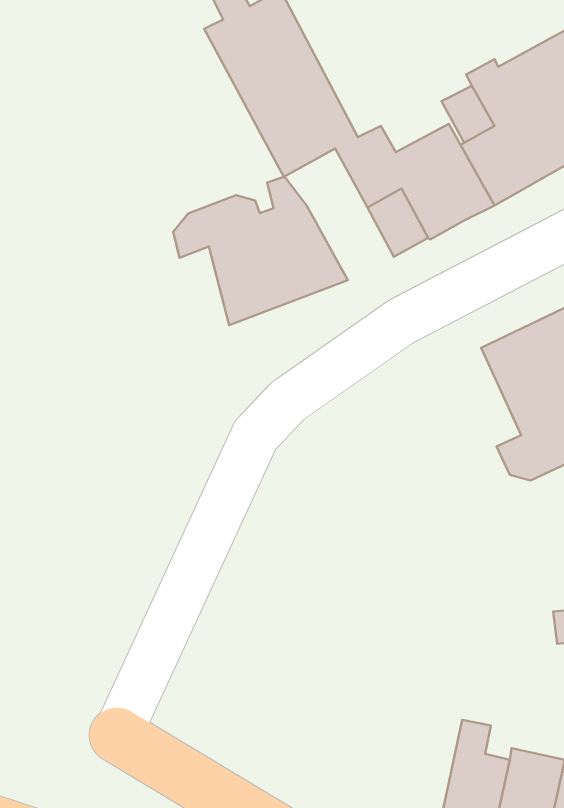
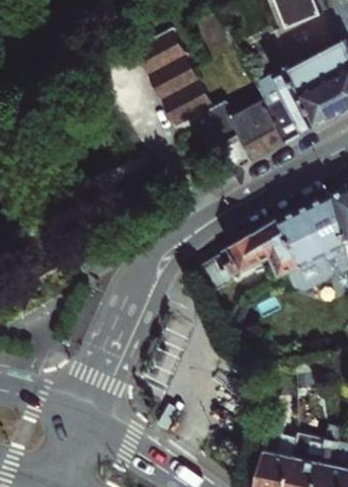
building: [173,177,348,325] -> none
building: none -> [197,219,301,292]

